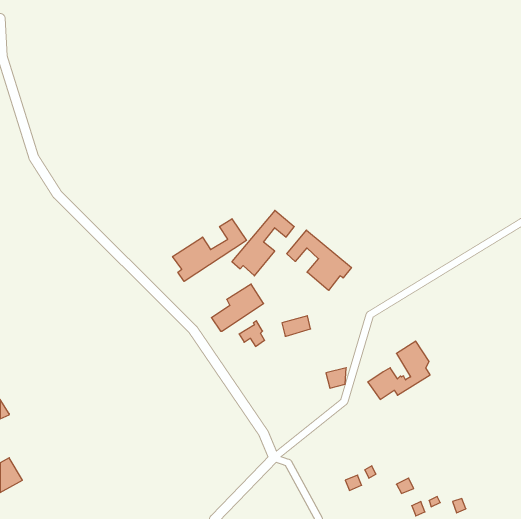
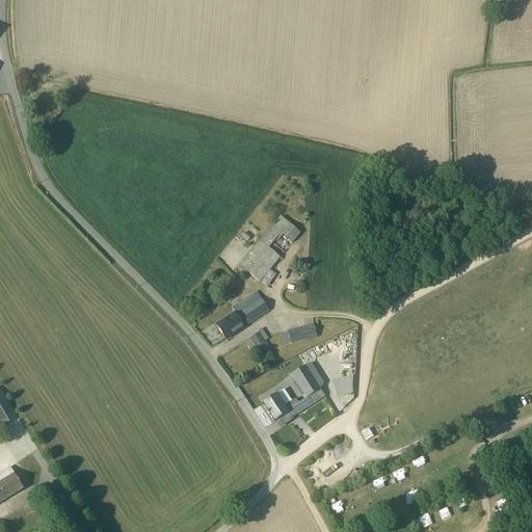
building: [173,219,246,281] -> none
building: [287,230,351,290] -> none
building: [368,341,430,399] -> [262,361,325,420]

